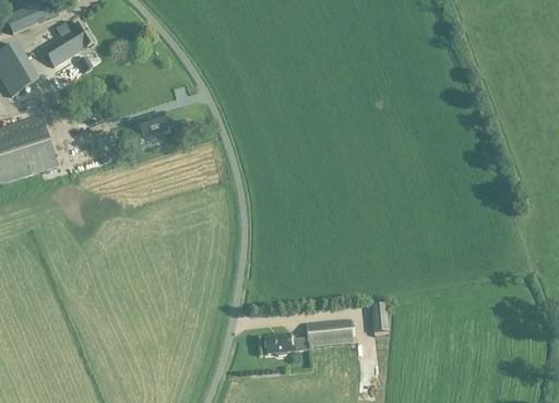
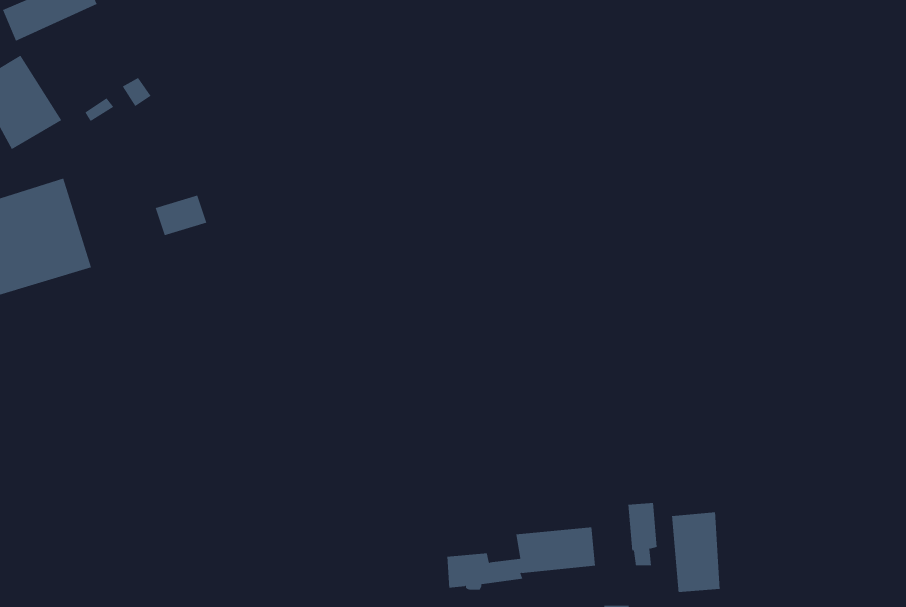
building: [40,22,93,67] -> none
building: [136,112,167,137] -> [155,195,207,236]
building: none -> [671,511,720,593]

